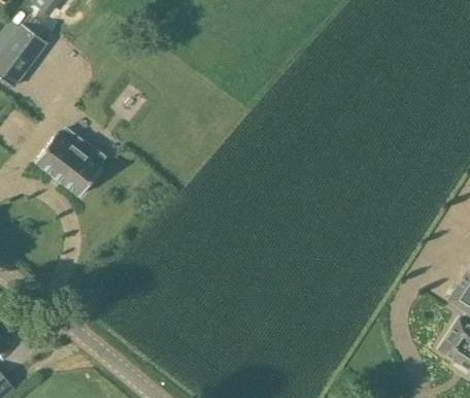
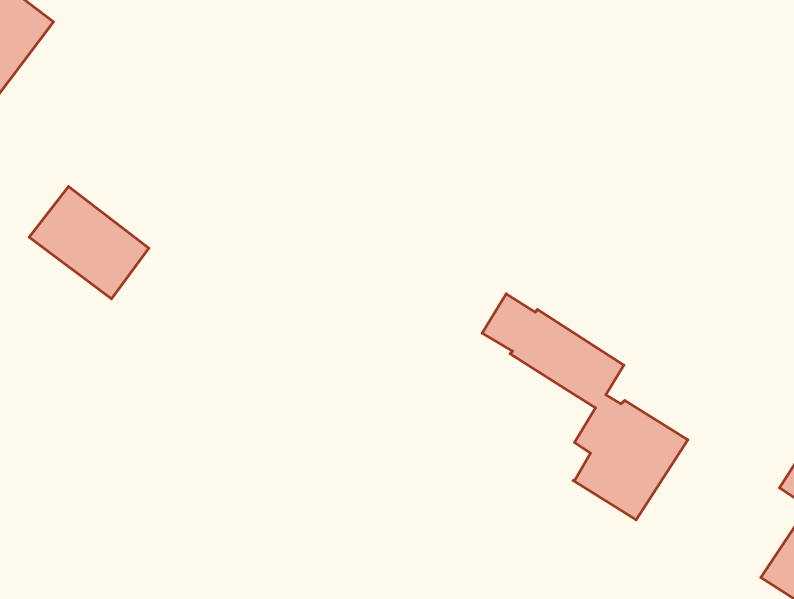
building: none -> [482,294,688,520]

